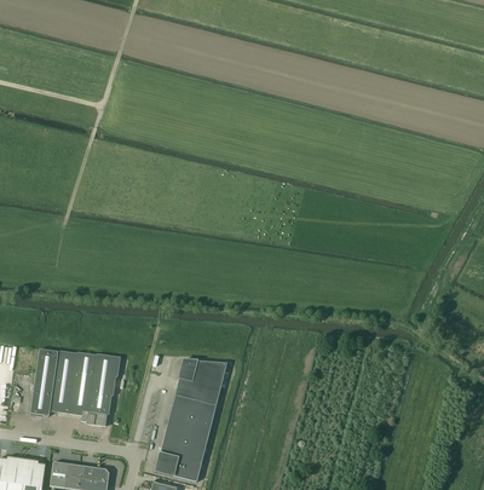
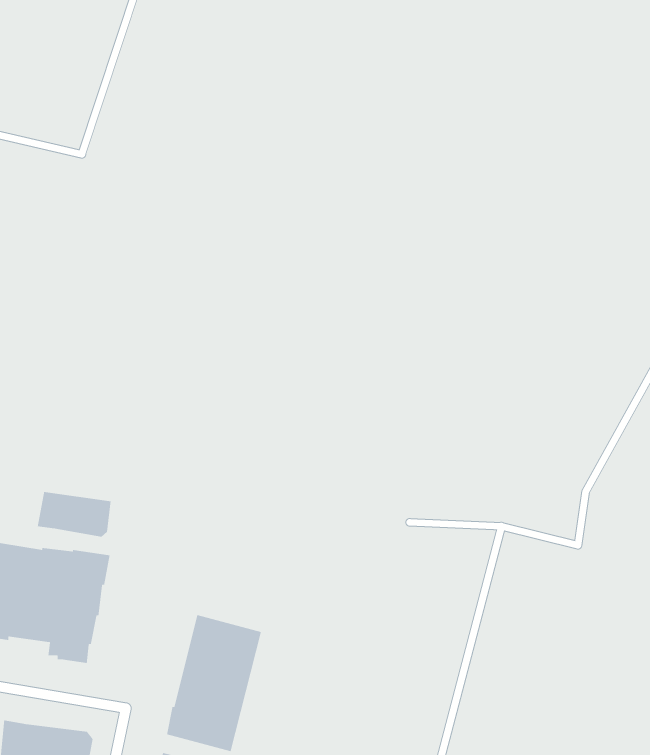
building: none -> [37,491,112,537]
building: [174,359,226,405] -> none

